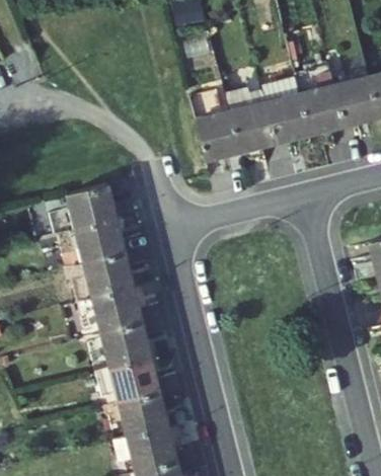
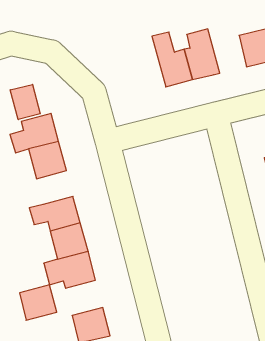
building: [299,68,348,135] -> none
building: [194,88,246,161] -> none
building: none -> [10,84,40,120]
building: [84,257,130,300] -> none
building: [121,395,167,440] -> [20,285,57,320]

